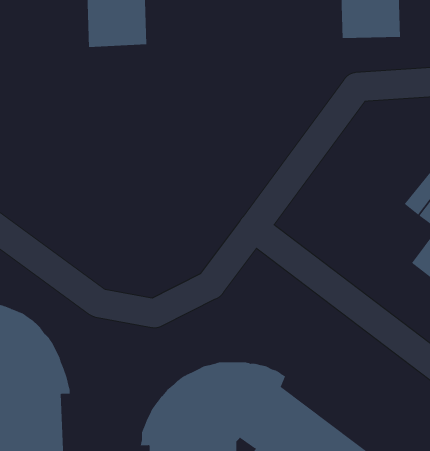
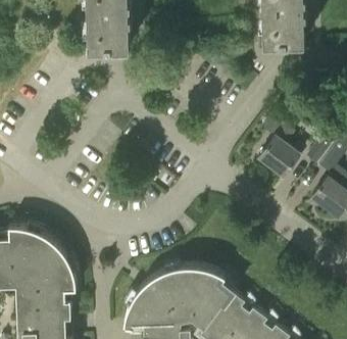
building: none -> [258,117,303,179]

